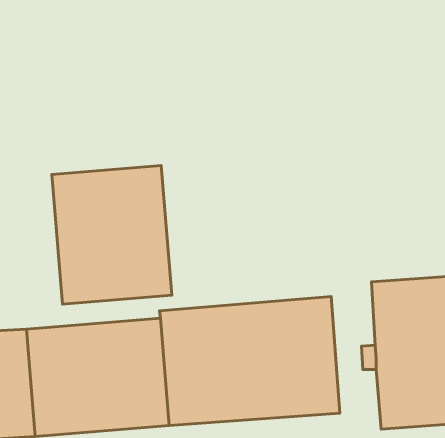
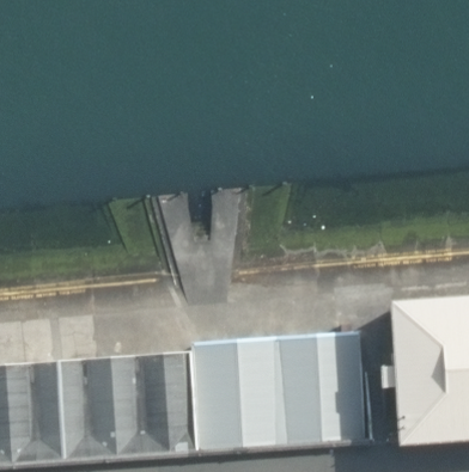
building: [52,166,172,304] -> none

